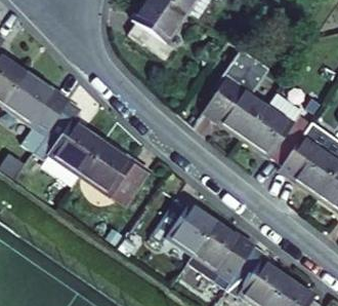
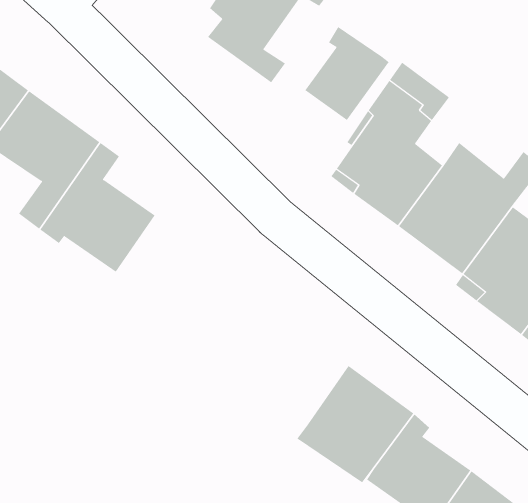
building: none -> [304,26,390,121]
building: [80,137,149,201] -> none
building: [144,204,213,257] -> none

